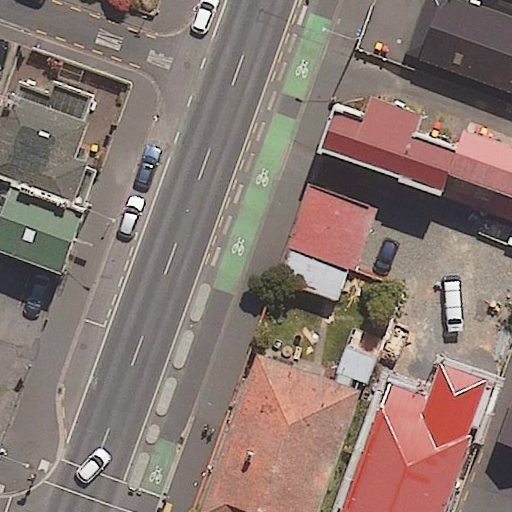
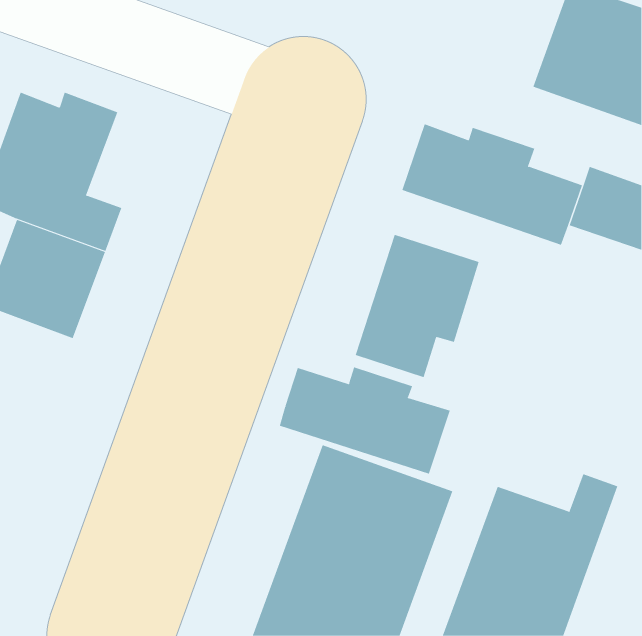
building: none -> [279,366,451,475]

